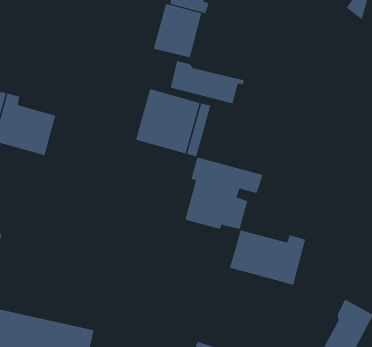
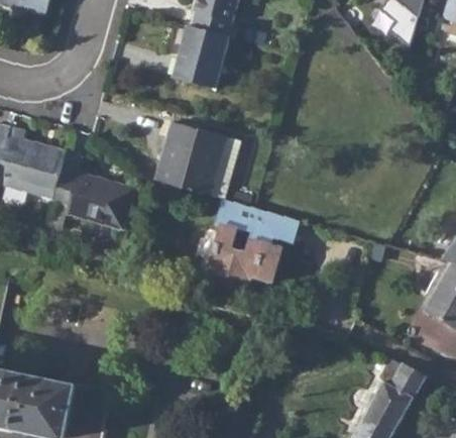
building: [170,60,245,104] -> none
building: none -> [51,173,136,230]
building: [229,230,306,286] -> none

